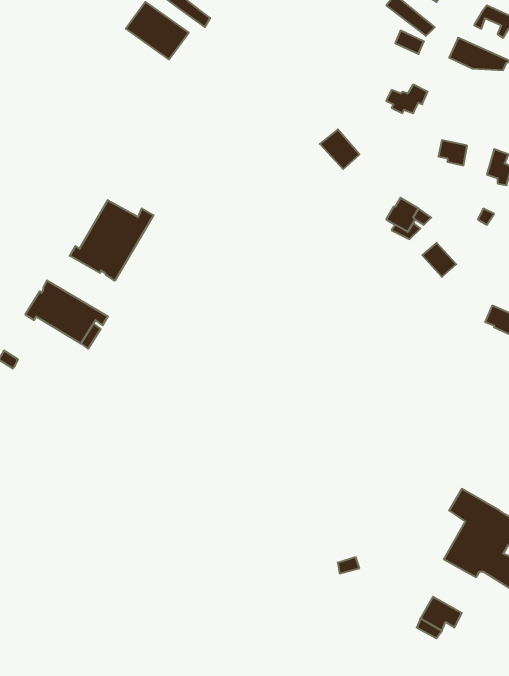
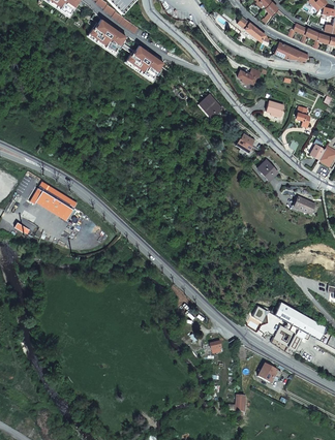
building: none -> [126,49,161,82]
building: [70,200,153,281] -> none

